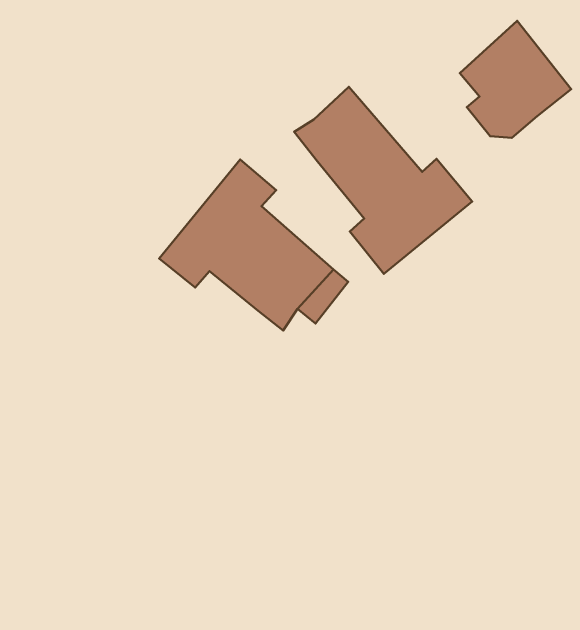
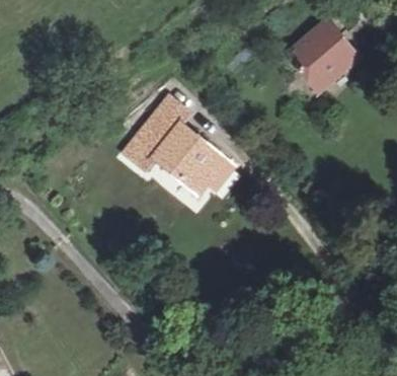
building: [294,87,472,274] -> none

